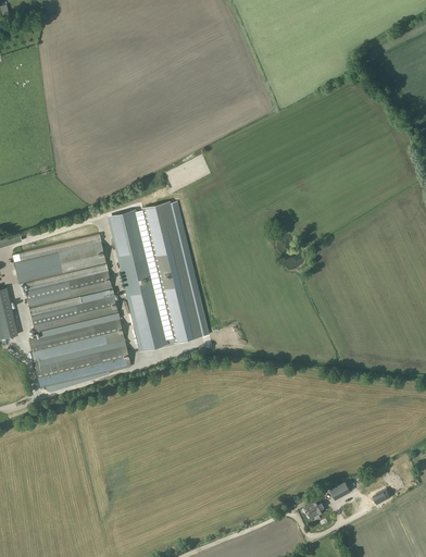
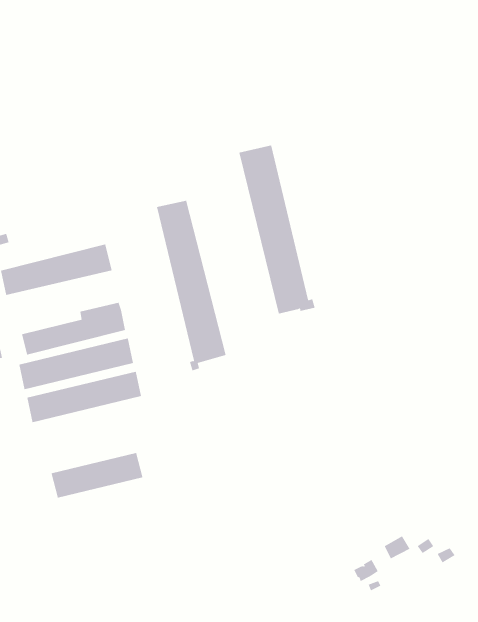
building: [110,210,173,349] -> [239,145,315,314]
building: [26,269,113,306] -> none
building: none -> [51,452,143,498]

